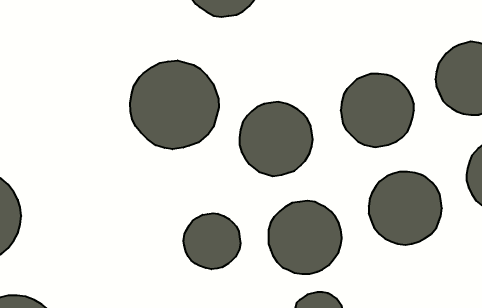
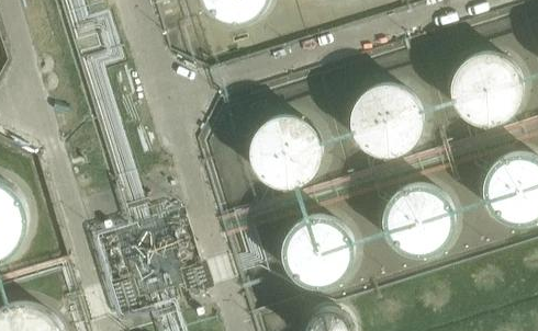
building: [130,60,219,149] -> none
building: [184,213,241,269] -> none

